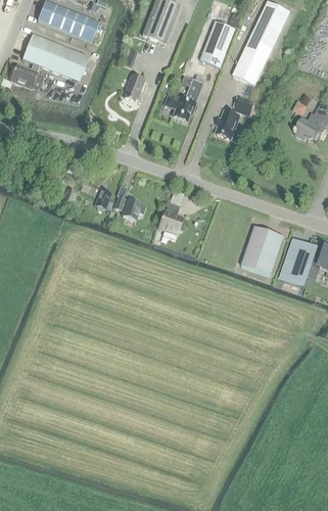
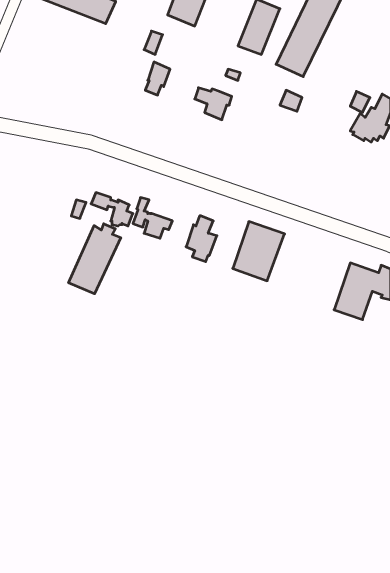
building: [10,33,89,88] -> none
building: [216,109,240,138] -> none
building: none -> [69,224,121,294]
building: [241,226,284,275] -> [233,222,285,281]

